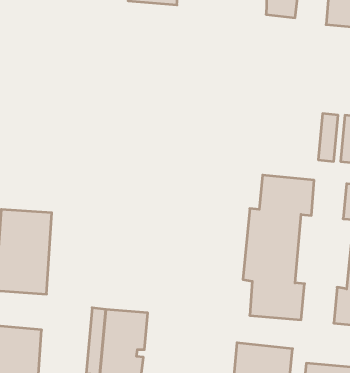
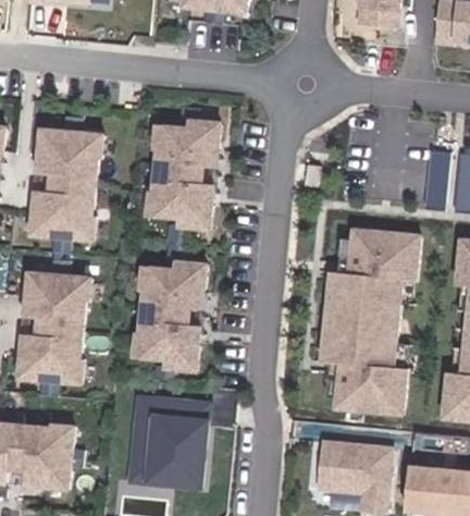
building: none -> [148,118,220,229]
building: none -> [26,126,98,237]
building: none -> [132,257,205,368]

